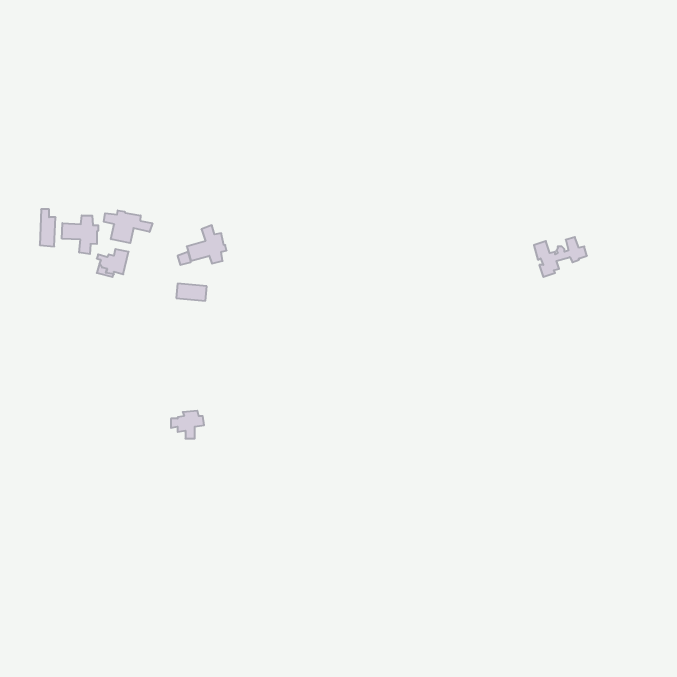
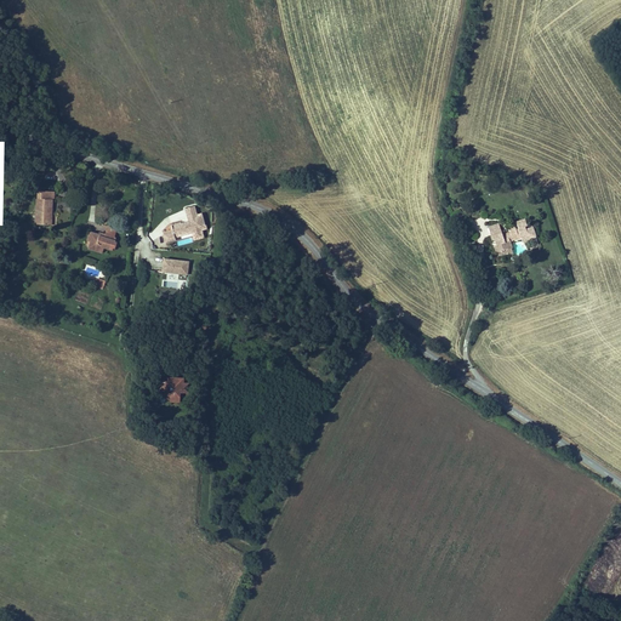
building: [104,210,152,243] -> none
building: [62,215,98,254] -> none

